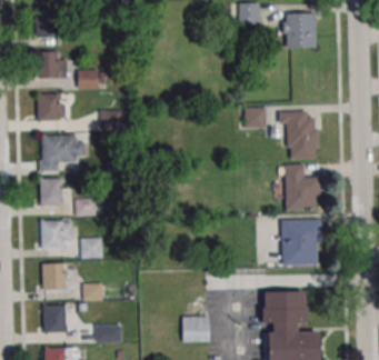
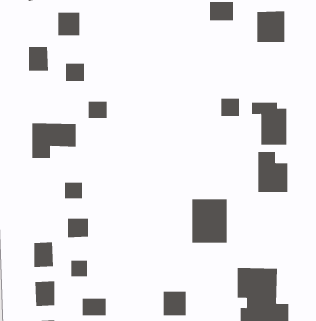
building: [34,11,59,37] -> [57,12,80,36]
building: [37,93,59,120] -> none
building: [40,178,62,204] -> none
building: [281,219,320,267] -> [192,199,228,243]
building: [41,220,62,247] -> none

